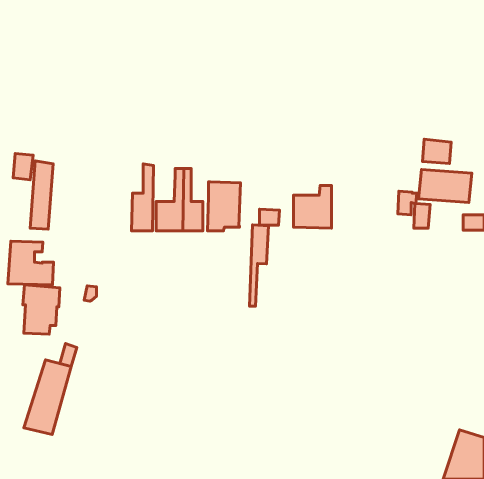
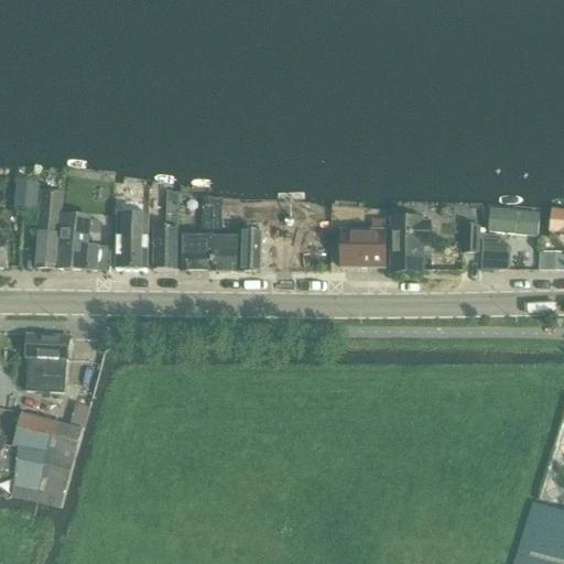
building: [423,139,451,163] -> none
building: none -> [117,210,148,269]
building: none -> [390,215,430,269]
building: [249,225,268,306] -> none
building: [8,241,53,285] -> [58,217,111,268]
building: none -> [11,410,53,498]

